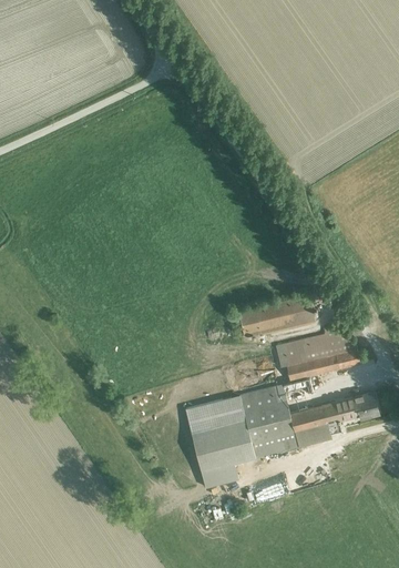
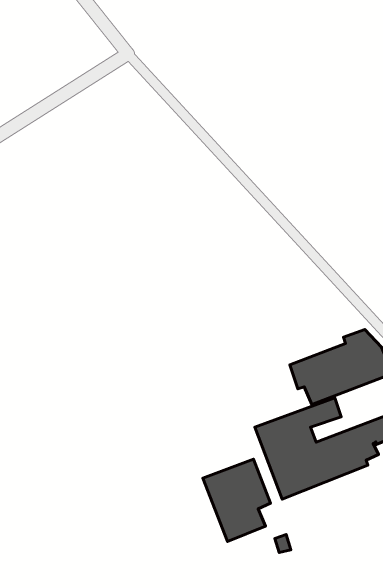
building: [238,295,315,338] -> none
building: [185,395,255,460] -> none

